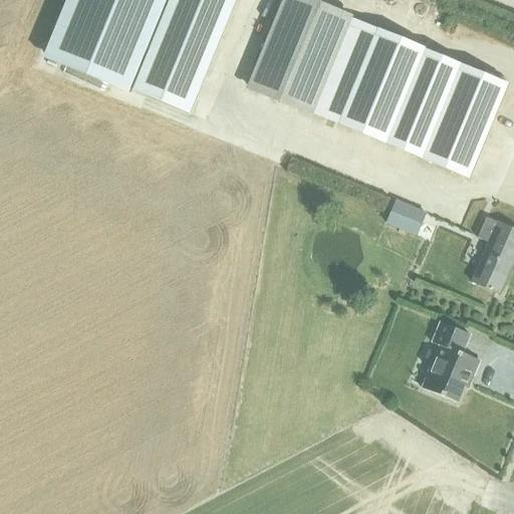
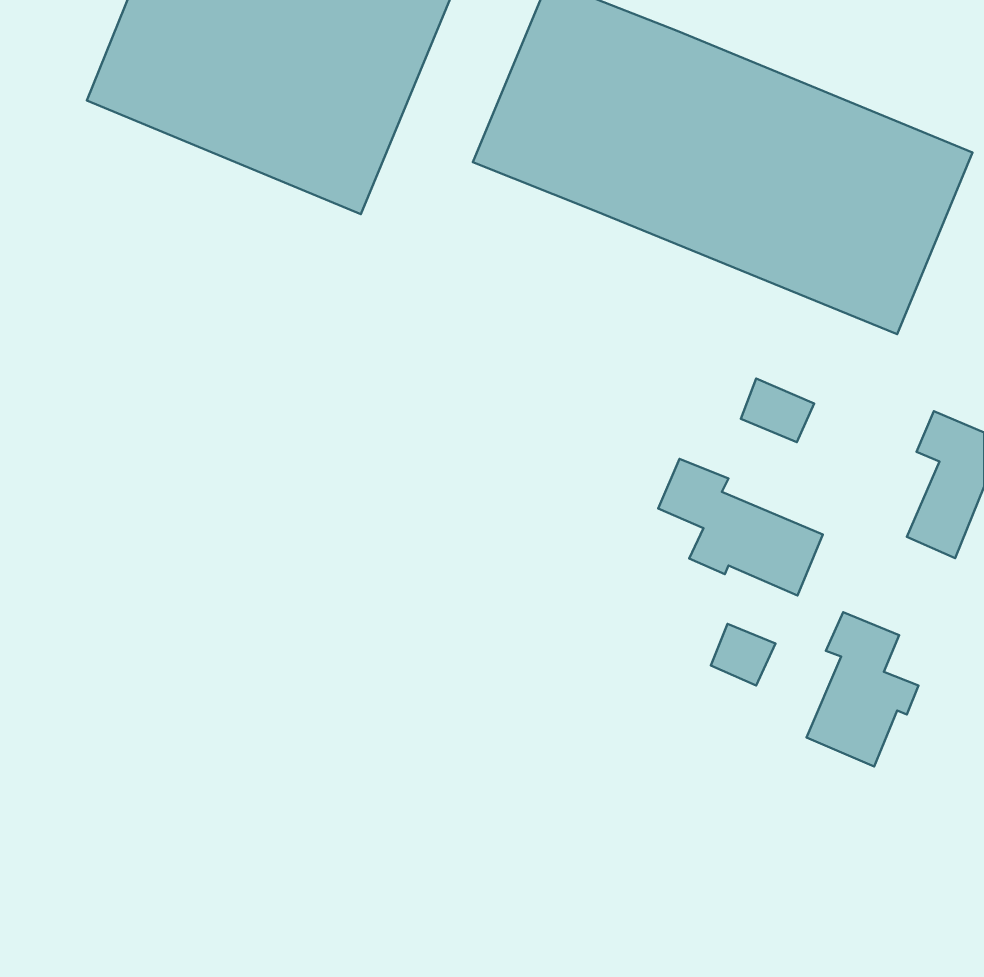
building: none -> [658,459,823,596]
building: none -> [711,624,775,686]

